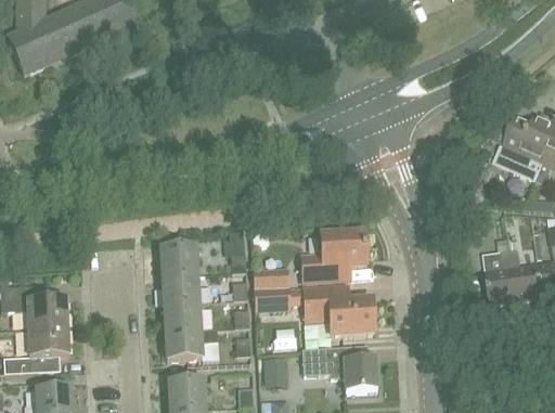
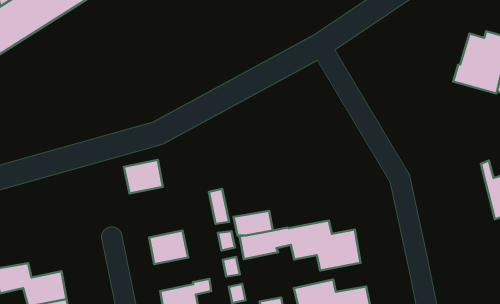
building: [304,227,367,279] -> none
building: [160,246,197,276] -> [124,160,163,194]
building: [482,249,517,311] -> none
building: [164,302,201,333] -> none

